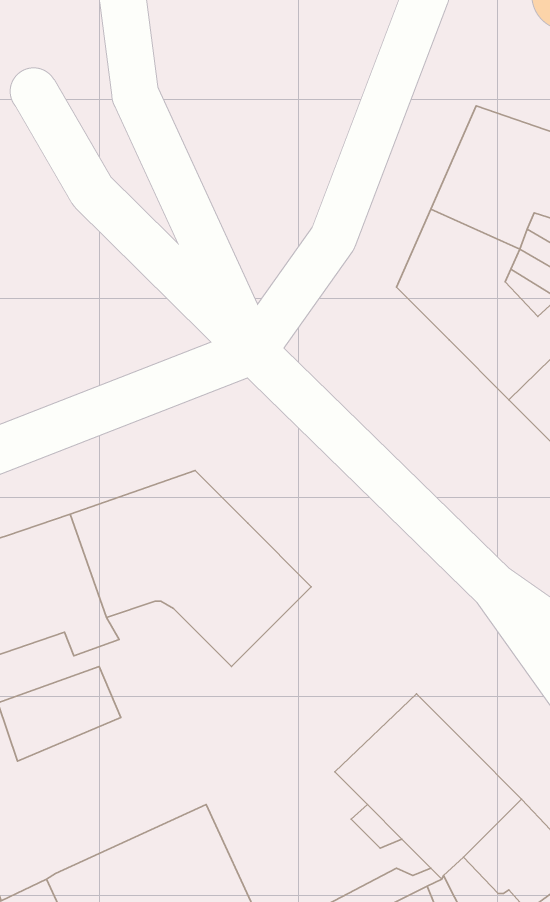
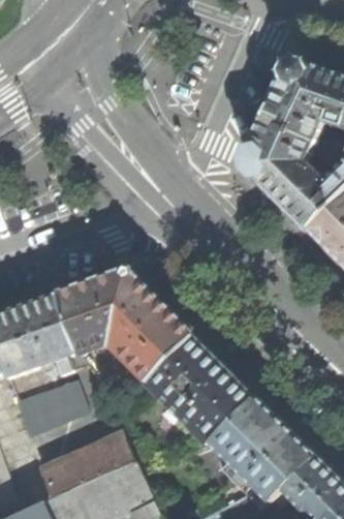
building: none -> [147,336,255,445]
building: none -> [38,436,135,499]

